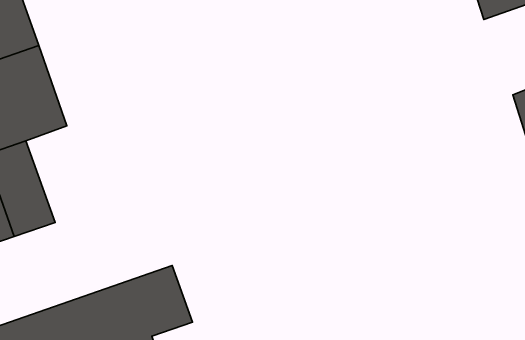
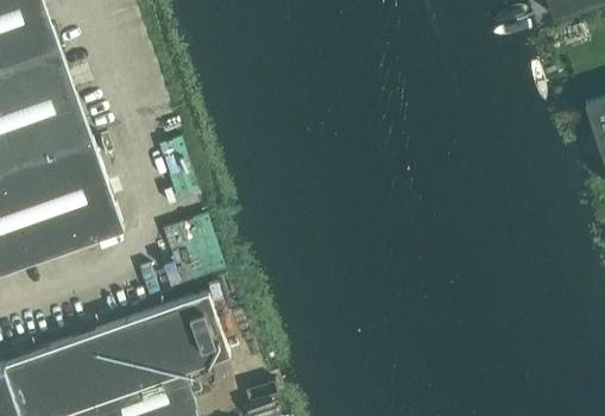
building: none -> [46,141,124,248]

